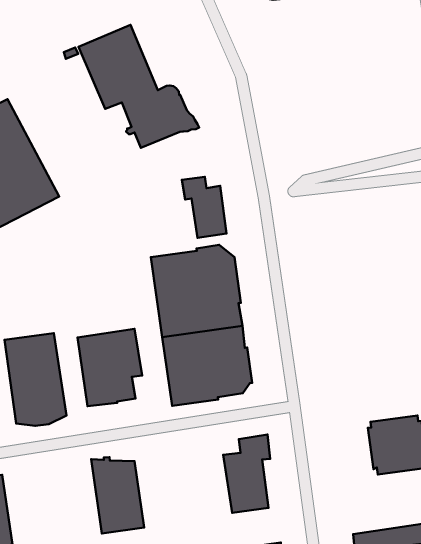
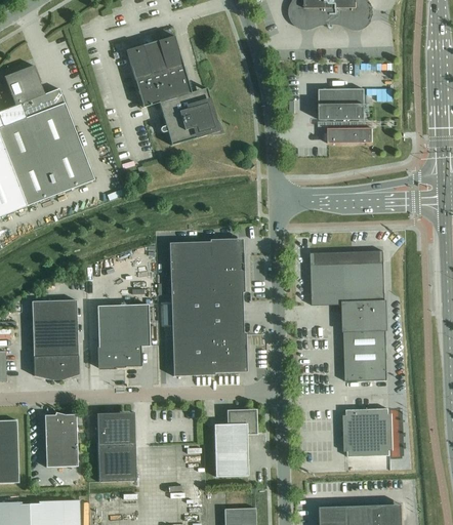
building: none -> [319,88,373,143]
building: [182,177,227,238] -> none
building: none -> [307,250,387,380]
building: none -> [44,411,77,467]

